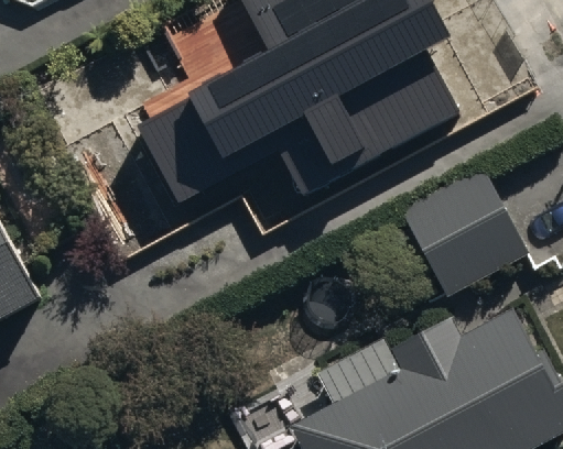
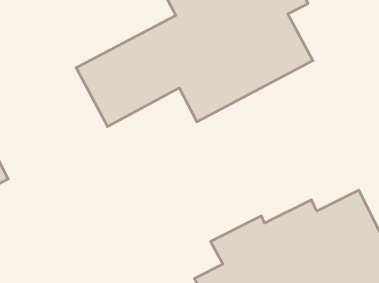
building: [397,160,527,293] -> none

